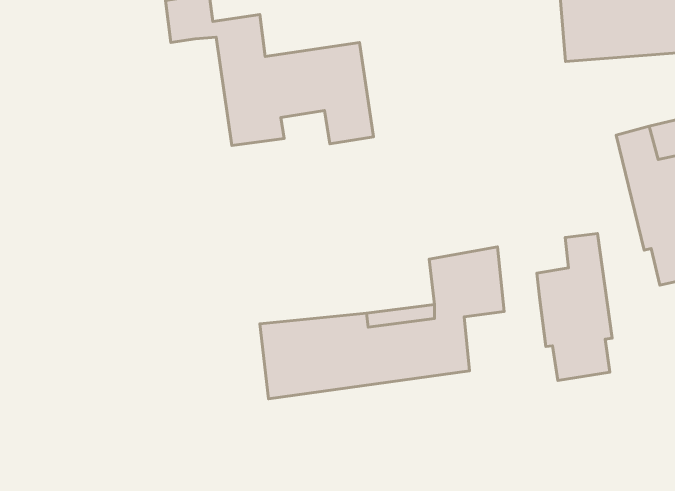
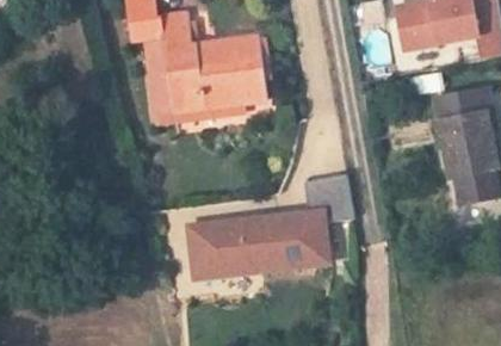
building: none -> [143,33,205,119]
building: [537,234,612,380] -> none

